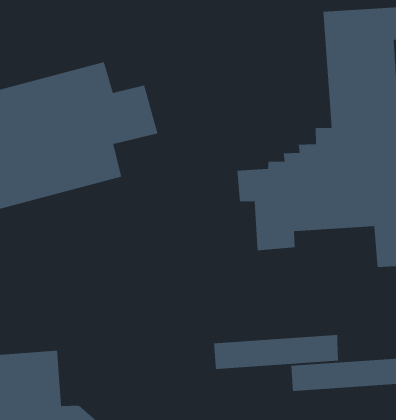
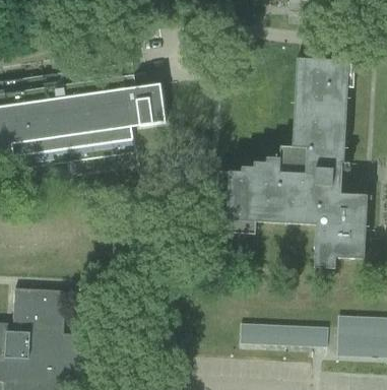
building: [213,334,339,370] -> none

